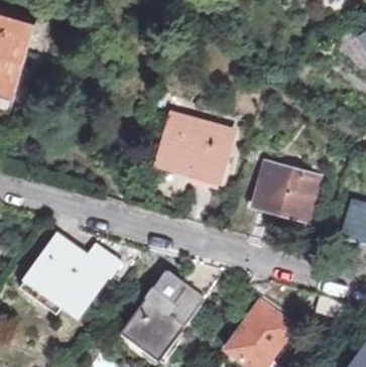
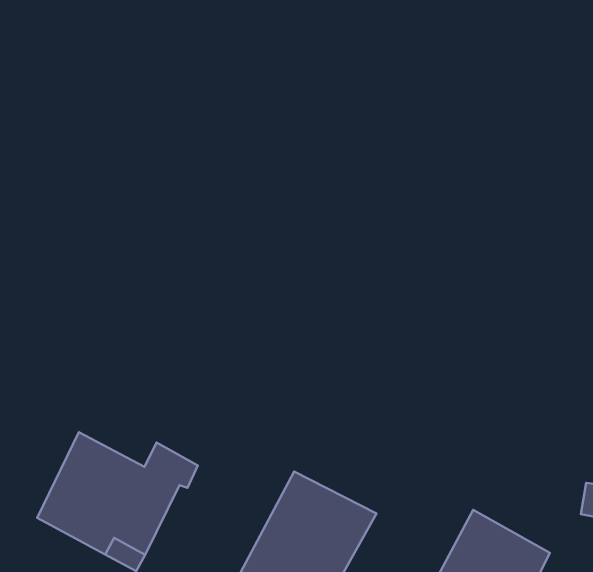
building: [158,122,227,177] -> none
building: [258,169,317,220] -> none

